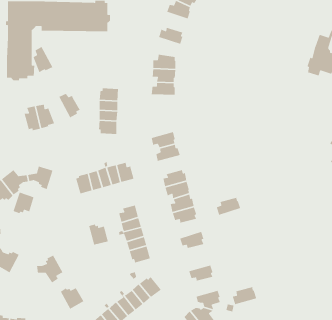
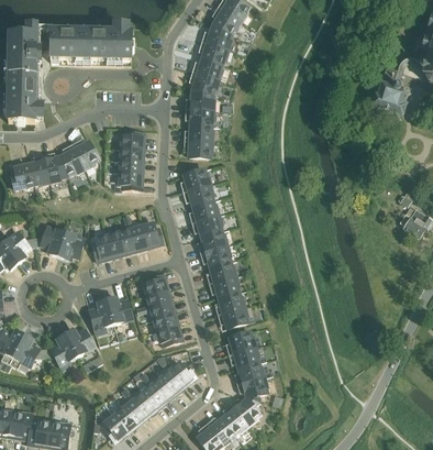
building: none -> [199,41,229,65]
building: none -> [189,72,220,95]
building: [33,46,54,73] -> [60,143,86,176]
building: none -> [184,141,213,158]
building: none -> [10,161,35,189]
building: none -> [180,169,211,193]
building: none -> [191,215,222,237]
building: [13,192,34,214] -> [58,232,85,260]
building: [216,197,241,216] -> [214,292,245,315]
building: none -> [90,299,114,329]
building: none -> [225,331,256,354]
building: none -> [13,334,46,366]
building: [232,286,257,305] -> [234,362,265,385]
building: [60,287,84,310] -> [66,329,96,356]

